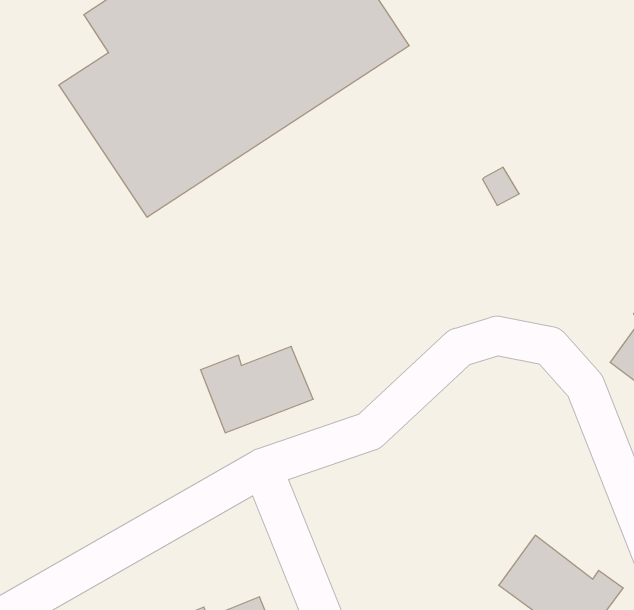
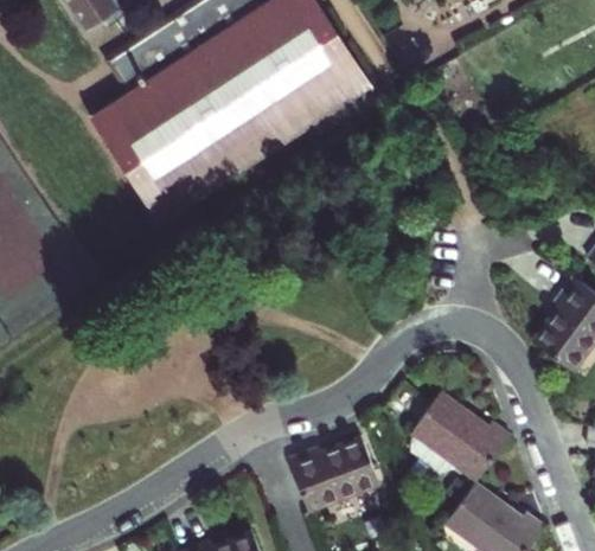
building: [200,346,313,433] -> [288,438,379,508]
building: none -> [411,393,512,480]

